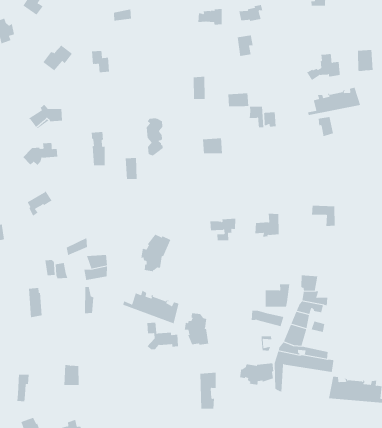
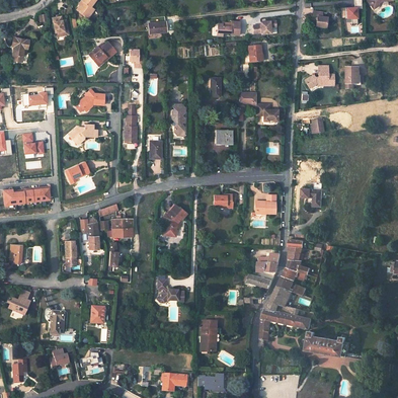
building: [307,87,361,116] -> none
building: [122,290,179,324] -> none
building: [184,313,209,345] -> none
building: [240,362,274,385] -> none

